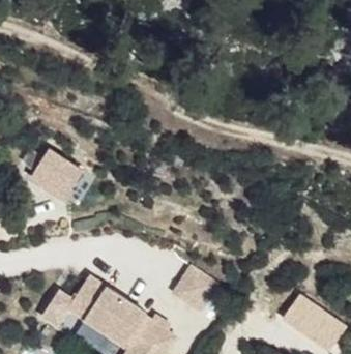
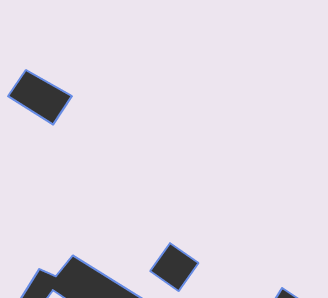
building: [31,150,94,204] -> [8,70,72,125]

